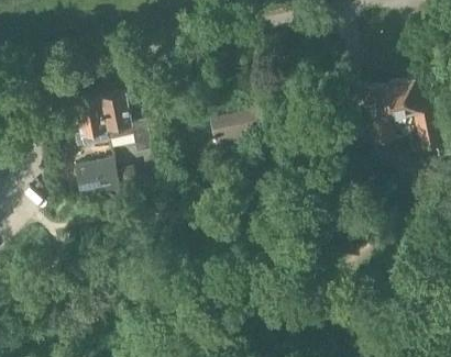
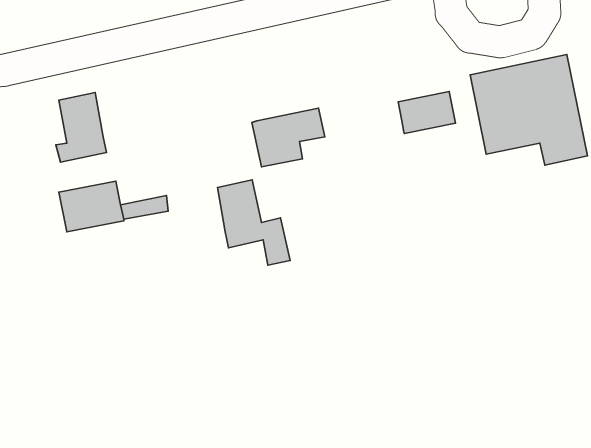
building: [100,91,151,150] -> [217,180,290,265]
building: none -> [398,91,456,133]

